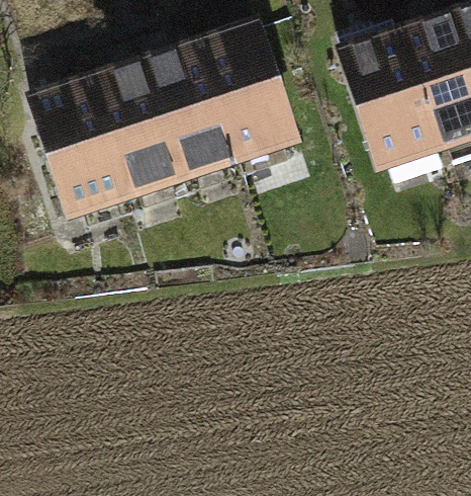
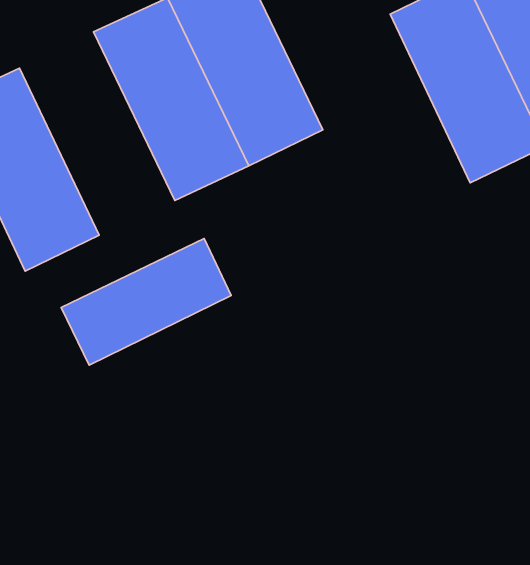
building: [85,72,185,216] -> none
building: none -> [61,238,231,365]

